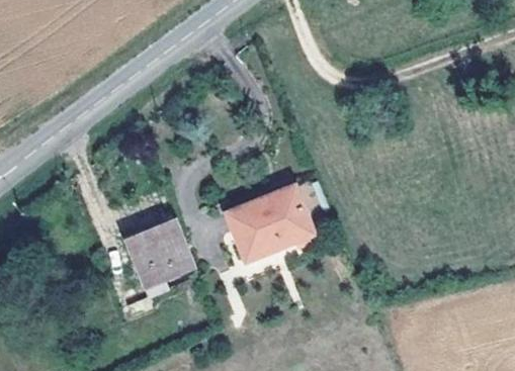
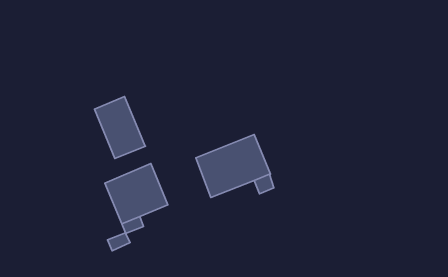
building: none -> [94,96,145,159]

